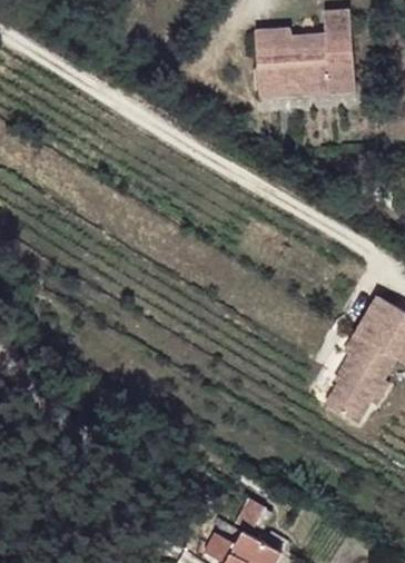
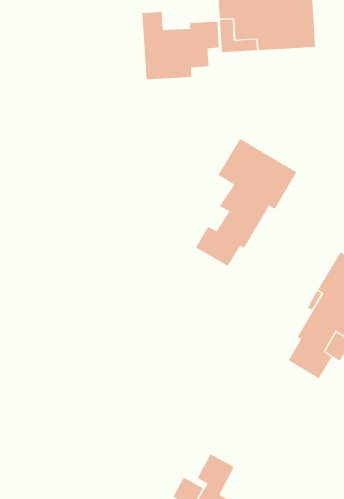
building: none -> [142,11,219,80]
building: none -> [195,138,297,267]

